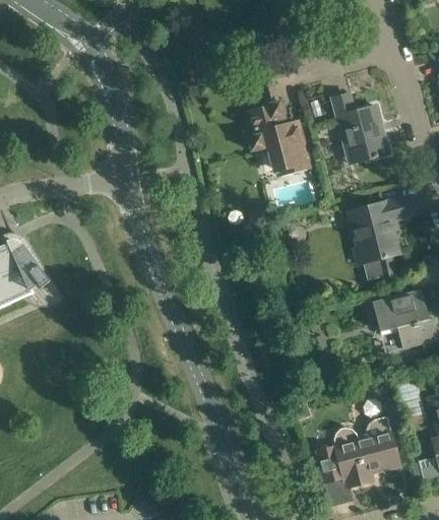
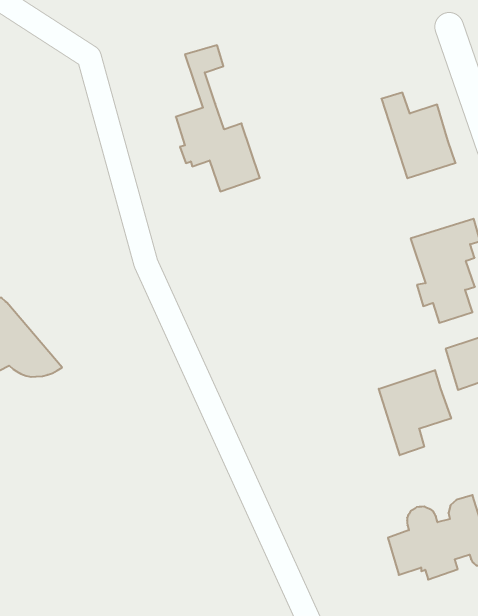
building: [245,56,310,174] -> [176,45,260,191]
building: none -> [379,370,451,455]

